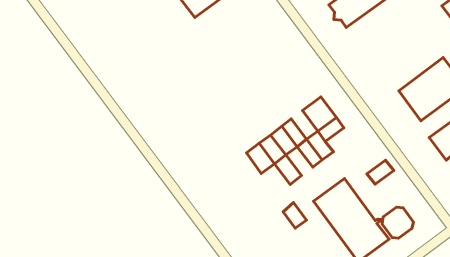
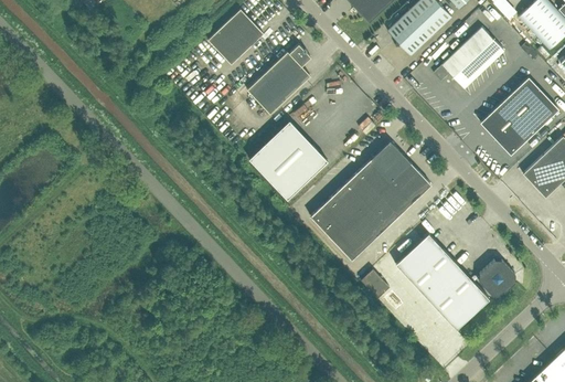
building: none -> [248,44,311,114]
building: none -> [434,26,505,89]
building: none -> [249,119,329,199]
building: none -> [359,159,392,192]
building: none -> [358,202,391,235]
building: [367,160,394,184] -> [402,173,433,203]
building: none -> [331,225,366,261]

